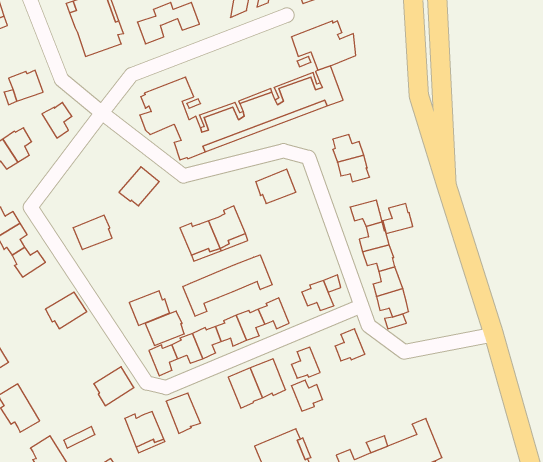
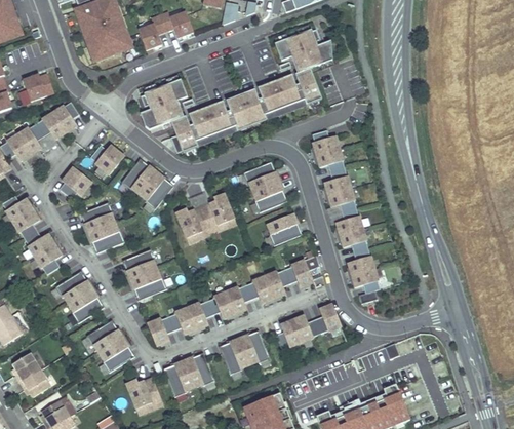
building: none -> [36,111,66,139]
building: none -> [90,144,124,174]
building: none -> [60,166,91,196]
building: none -> [139,171,173,208]
building: none -> [252,181,287,211]
building: [383,204,413,233] -> [324,167,351,194]
building: none -> [266,213,302,244]
building: none -> [88,222,124,252]
building: [183,255,272,316] -> none
building: none -> [35,243,62,273]
building: none -> [264,270,289,298]
building: [145,311,184,345] -> [122,248,157,279]
building: none -> [68,287,104,322]
building: none -> [86,319,123,352]
building: [291,380,323,411] -> [291,314,319,342]
building: none -> [183,352,214,387]

